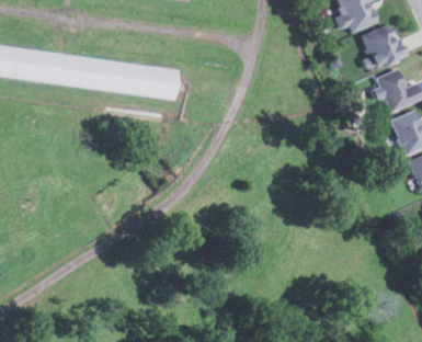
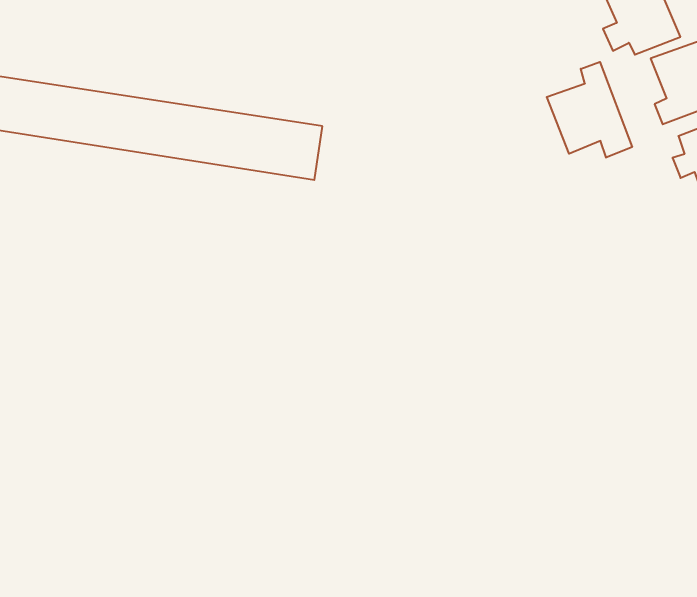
building: none -> [547,62,632,158]

